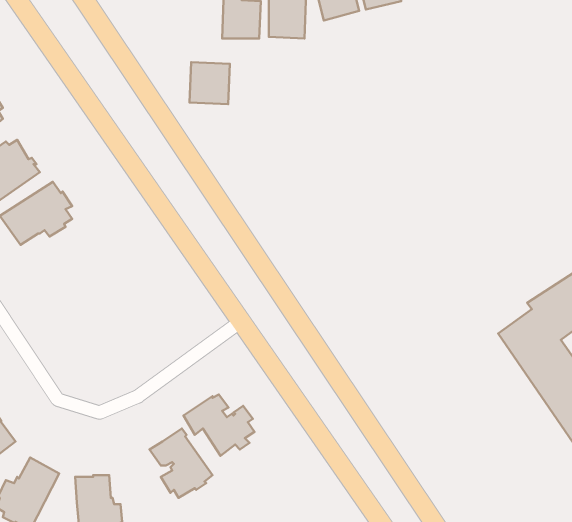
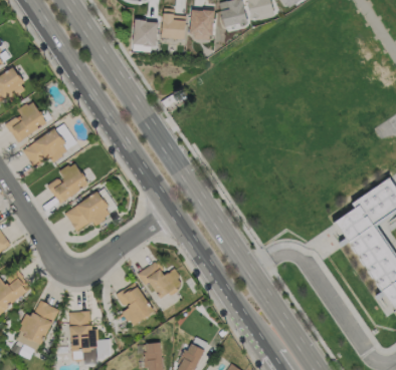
building: [190,62,230,104] -> [132,20,157,46]
building: none -> [48,162,90,204]
building: none -> [66,192,111,231]

